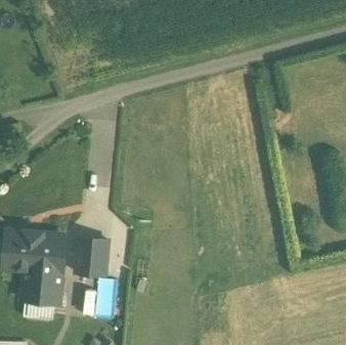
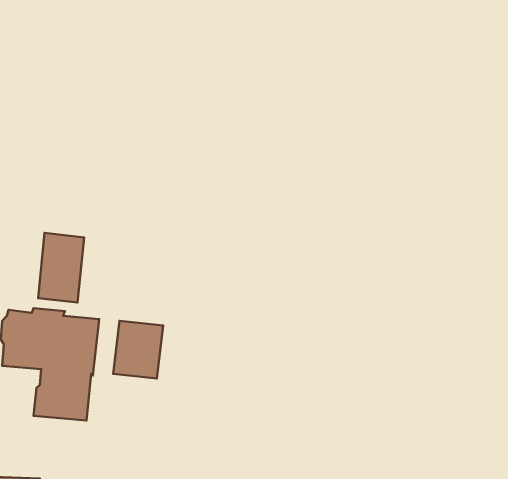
building: none -> [38,233,84,303]

